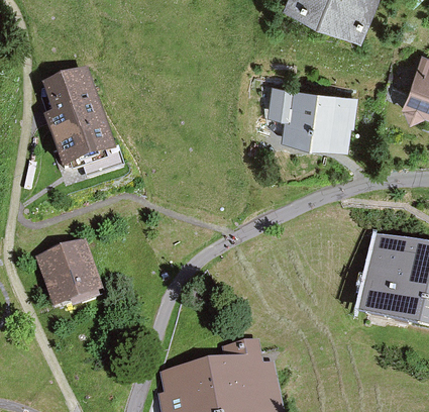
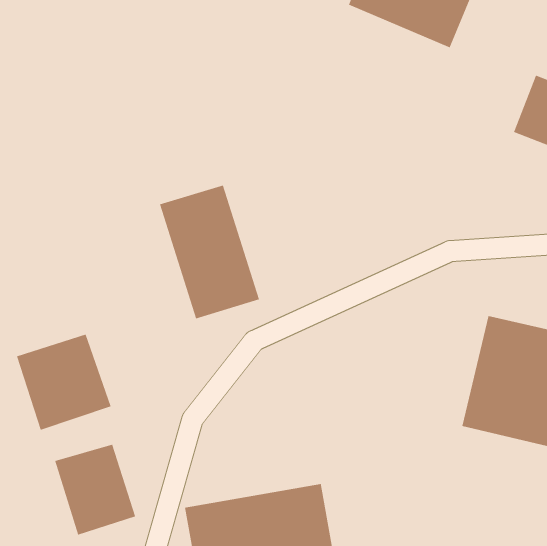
building: [41,74,114,171] -> [159,185,260,319]
building: [257,79,358,147] -> none
building: none -> [54,444,136,535]

